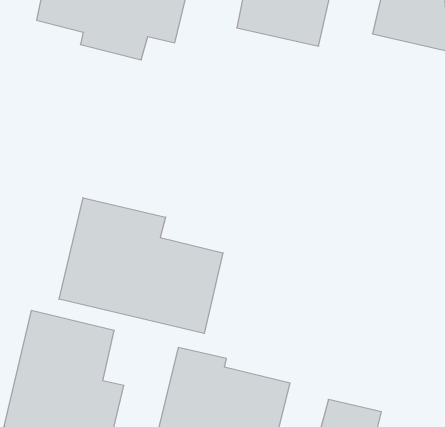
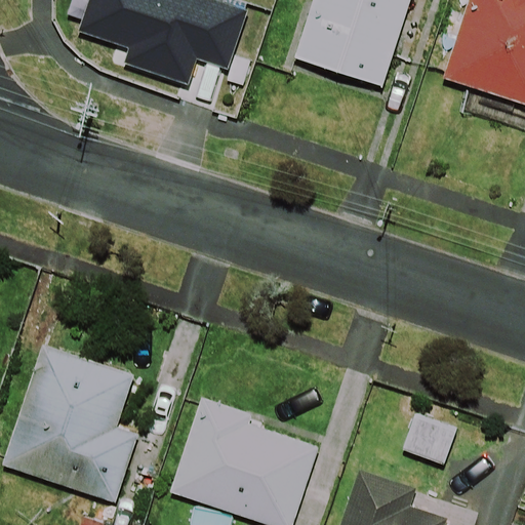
building: [59,198,223,334] -> none

